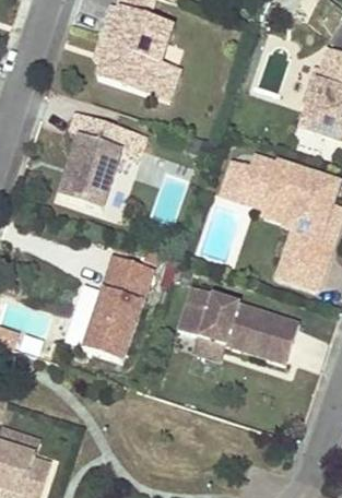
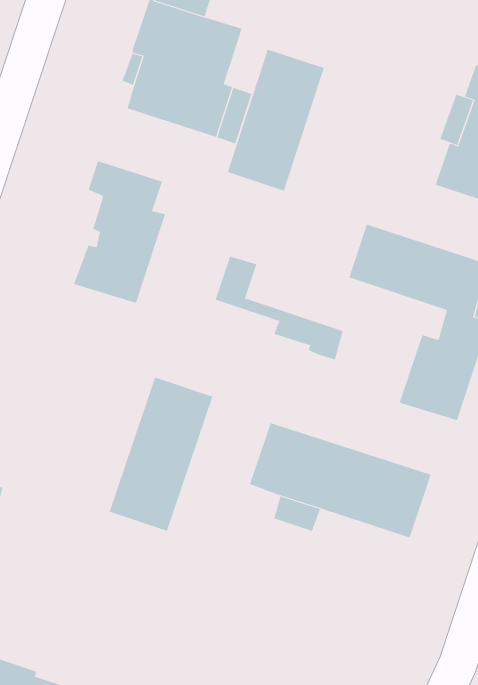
building: none -> [227,49,325,191]
building: [223,162,309,232] -> [215,256,344,360]

